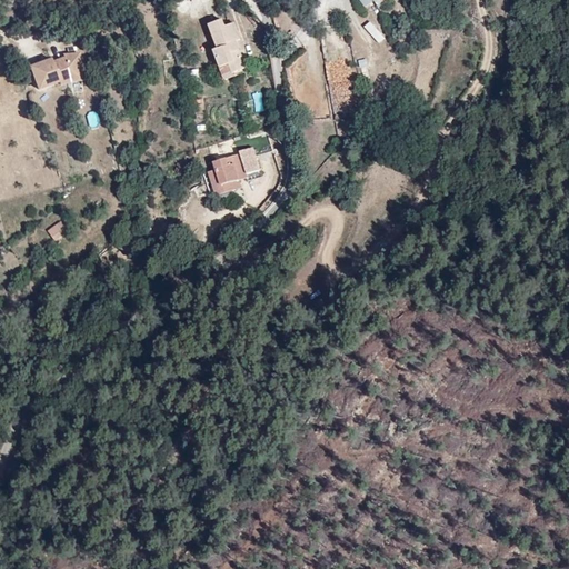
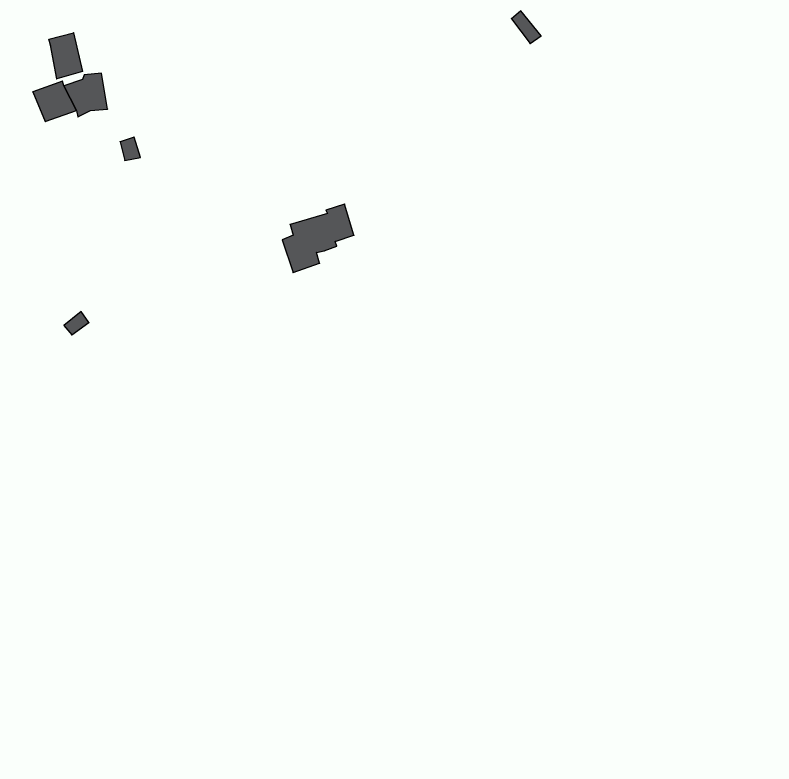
building: [207,17,244,77] -> none
building: none -> [49,33,83,79]

